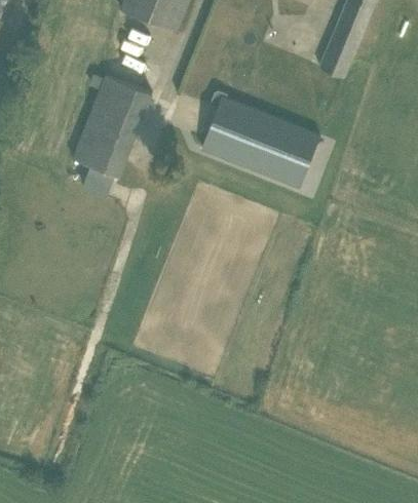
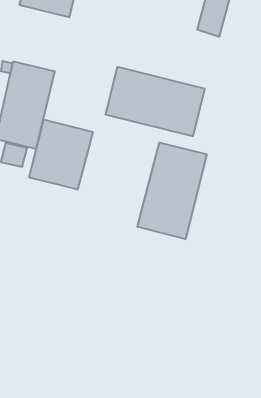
building: none -> [29,120,93,190]
building: none -> [137,142,207,239]

